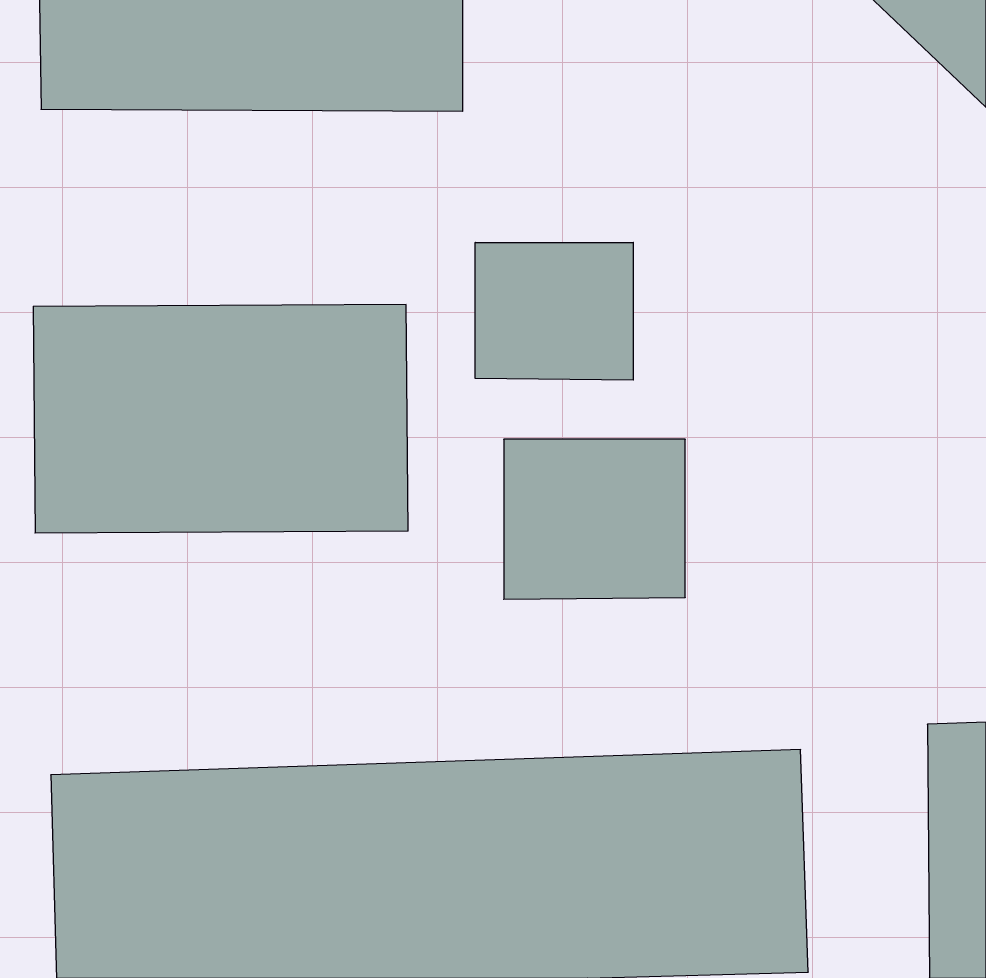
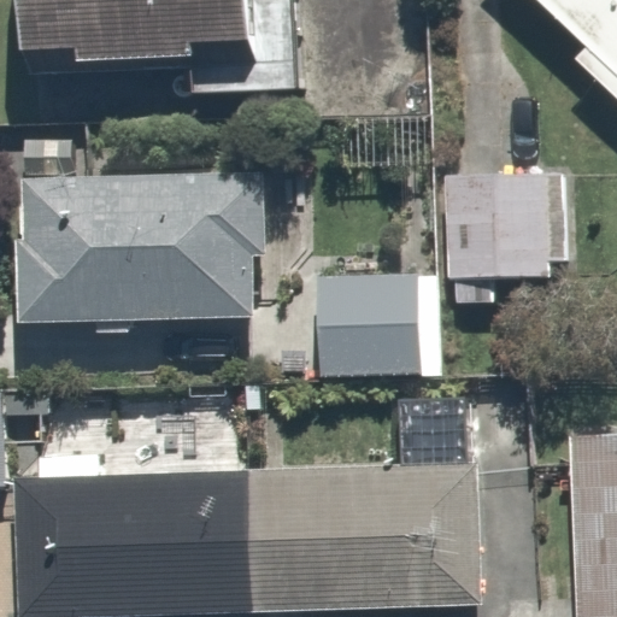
building: [475,242,633,380] -> none
building: none -> [448,168,565,304]

